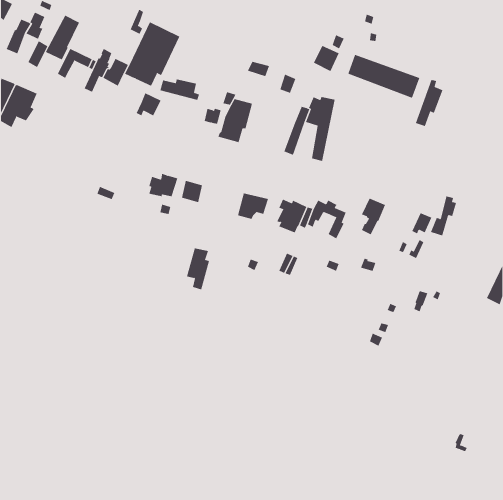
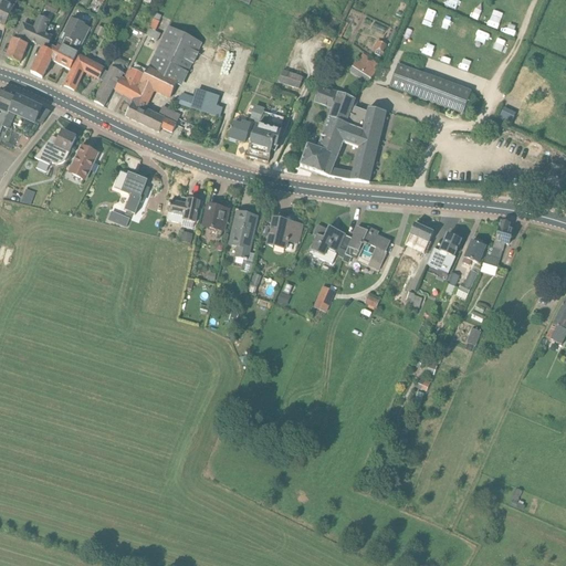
building: none -> [125,83,158,127]
building: [415,79,443,127] -> none
building: none -> [300,91,356,170]
building: none -> [34,128,76,163]
building: none -> [69,144,97,177]
building: none -> [117,171,148,212]
building: none -> [427,232,461,268]
building: [186,248,210,290] -> [228,210,254,258]

